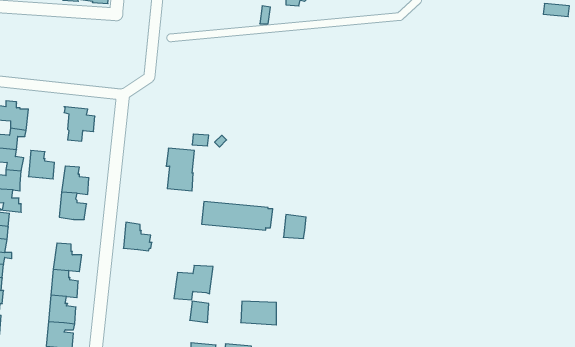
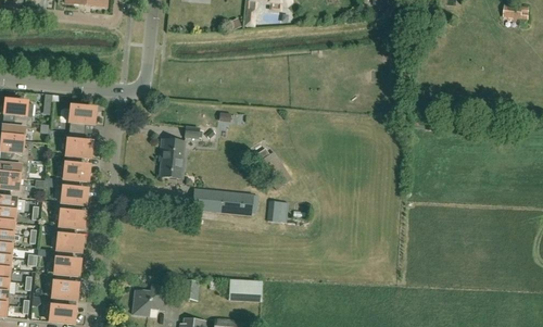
building: [28,150,54,179] -> [67,131,91,158]
building: [123,222,152,251] -> [60,202,86,228]
building: [174,265,213,300] -> [131,284,167,315]

